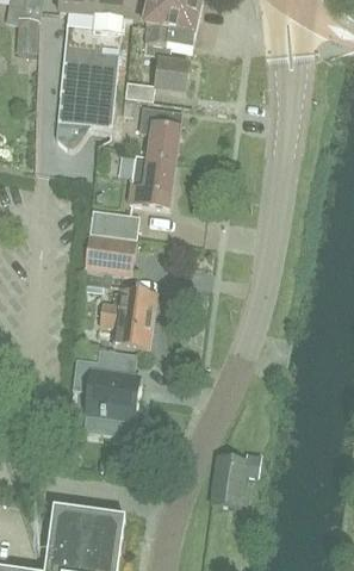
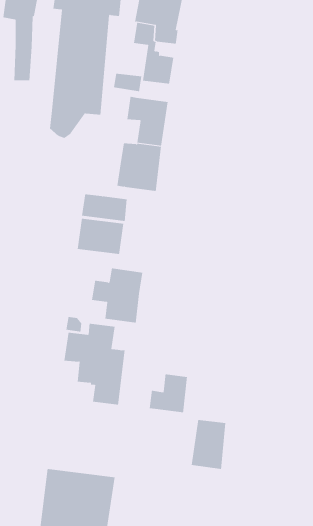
building: none -> [149,373,188,413]

